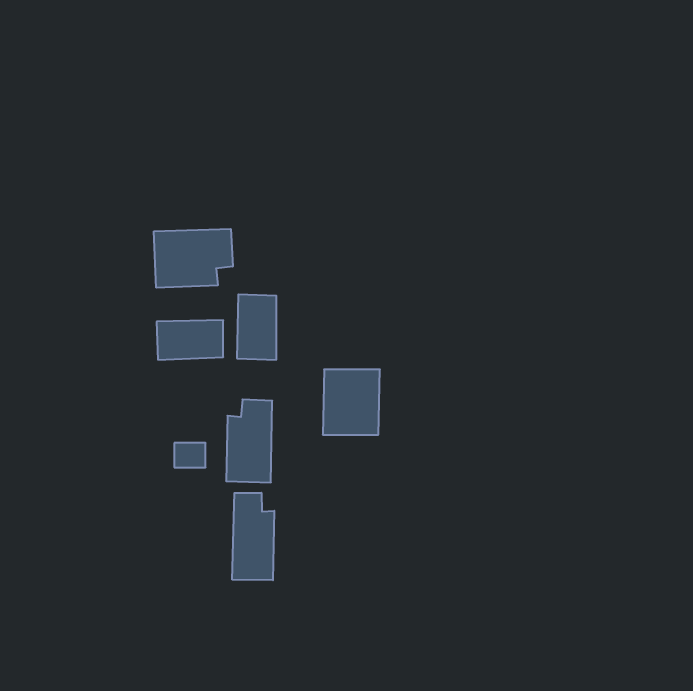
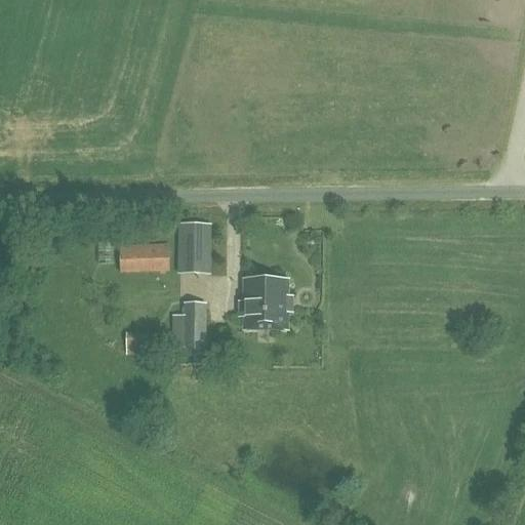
building: [154,229,233,288] -> none
building: [232,493,274,580] -> none

